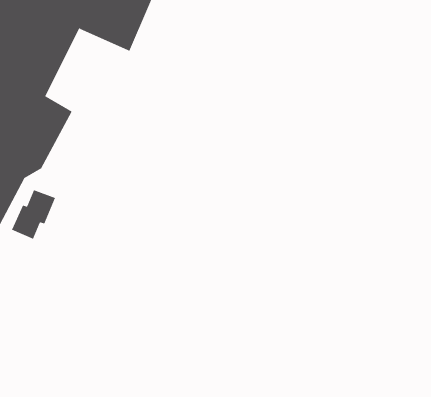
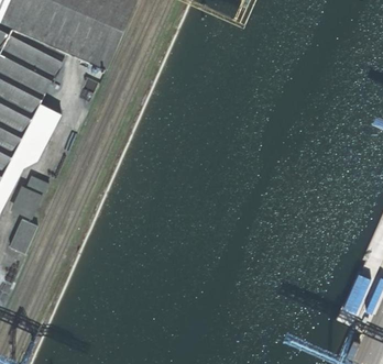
building: none -> [8,219,35,253]

